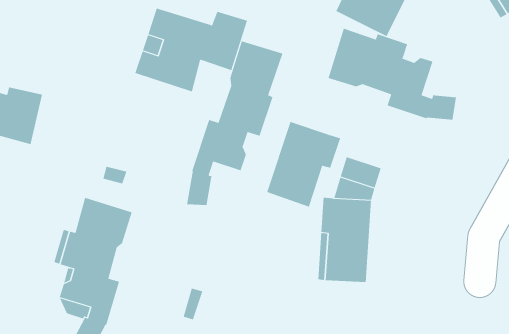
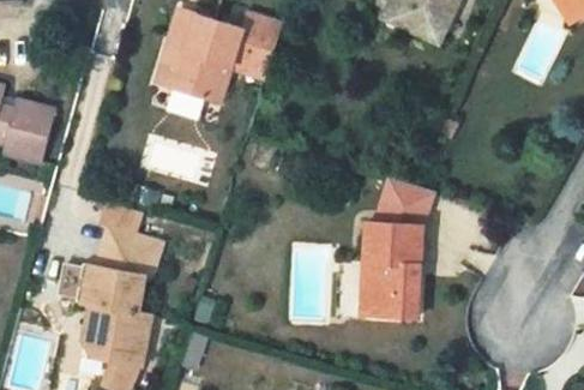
building: [328,28,456,121] -> none
building: [186,41,283,206] -> none
building: [266,121,341,207] -> none

